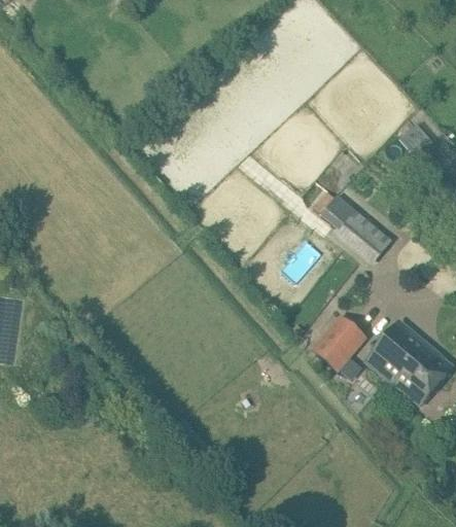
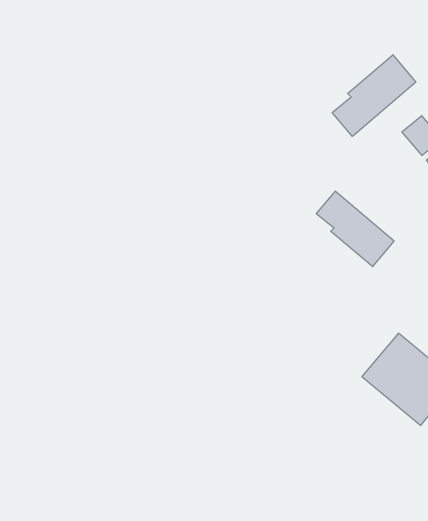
building: none -> [332,55,416,136]
building: [312,313,369,372] -> none

